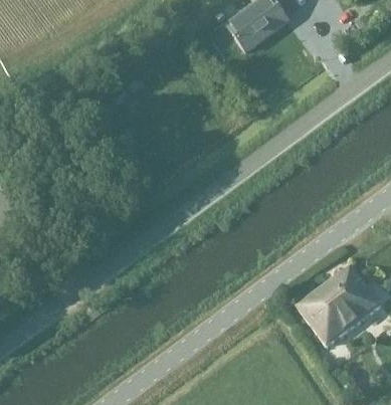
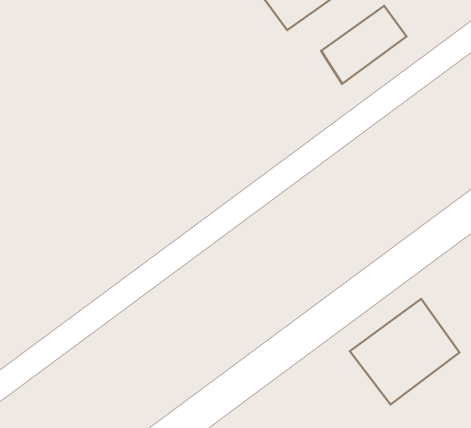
building: none -> [321,6,407,84]

